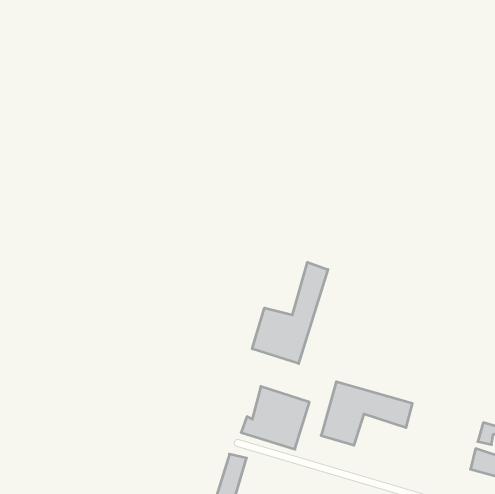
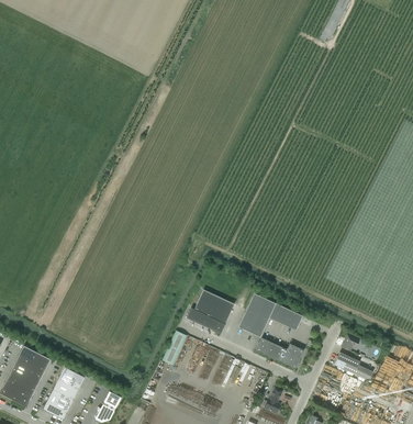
building: [252,262,328,364] -> none
building: none -> [256,337,303,368]

